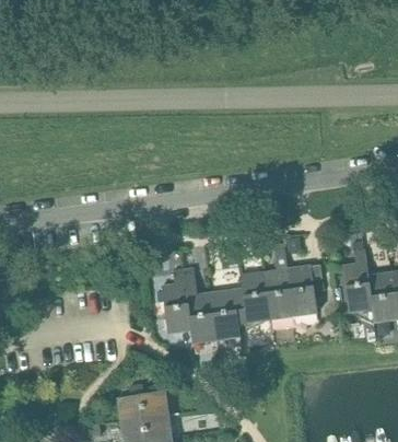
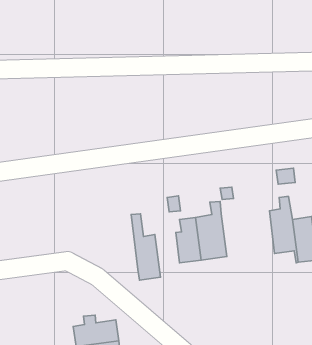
building: [286,264,324,316] -> none
building: [161,268,190,335] -> none
building: [210,289,239,340] -> none

